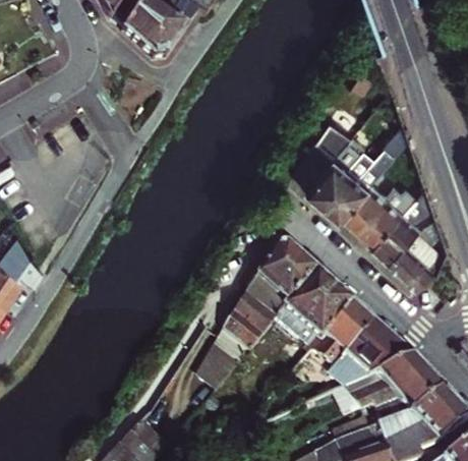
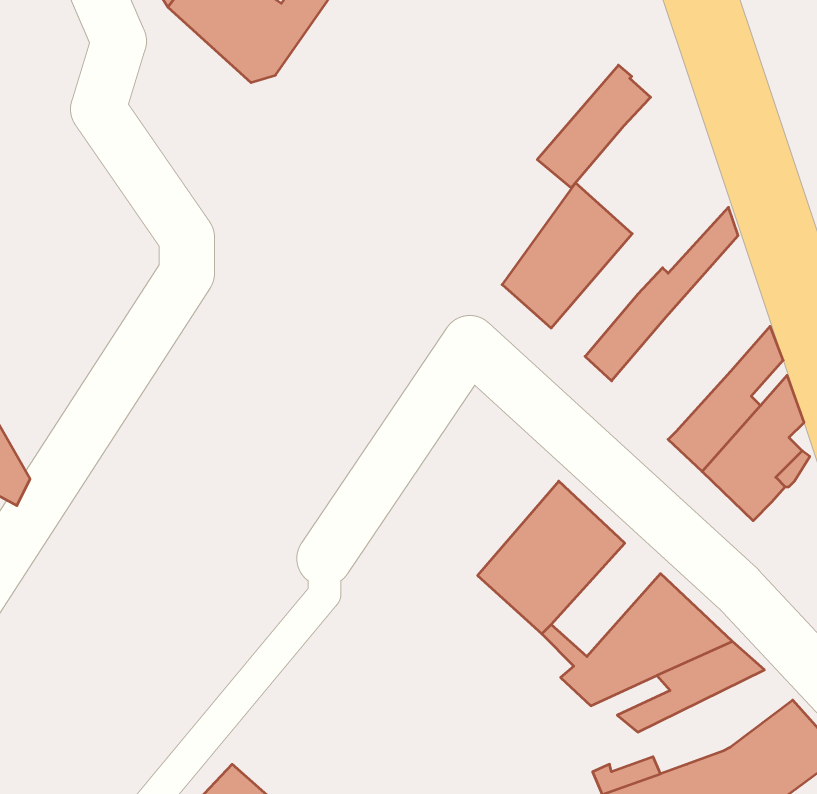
building: [311,138,372,205] -> [537,65,651,188]
building: [344,178,429,245] -> none
building: [188,247,315,392] -> none
building: [311,305,370,366] -> none
building: [358,373,442,424] -> none

